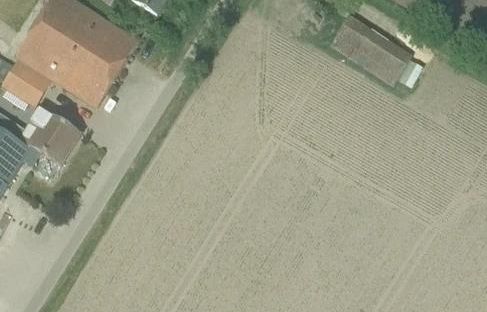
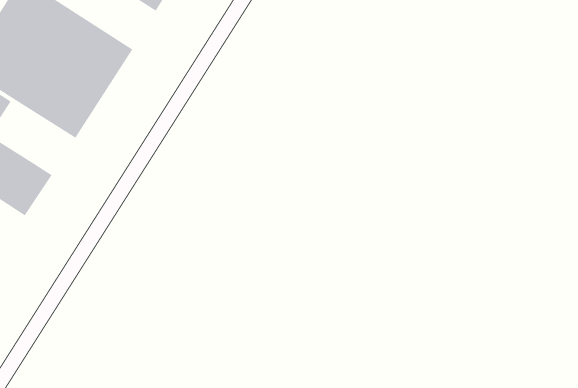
building: [330,15,412,85] -> none

